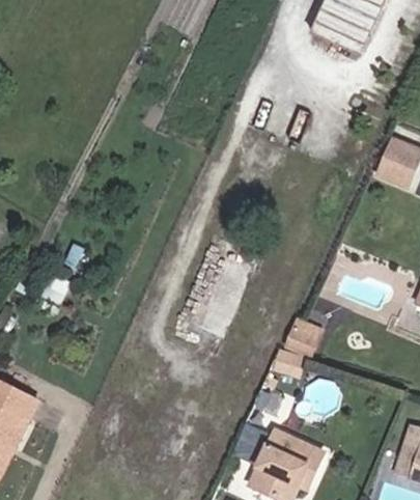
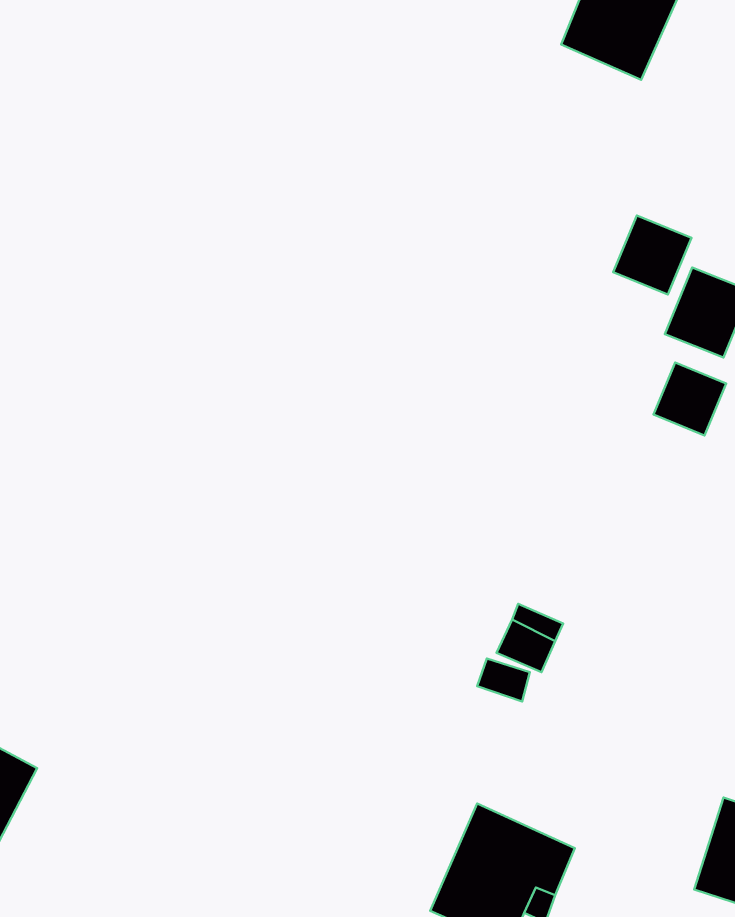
building: none -> [613,215,692,295]
building: none -> [653,362,726,435]

